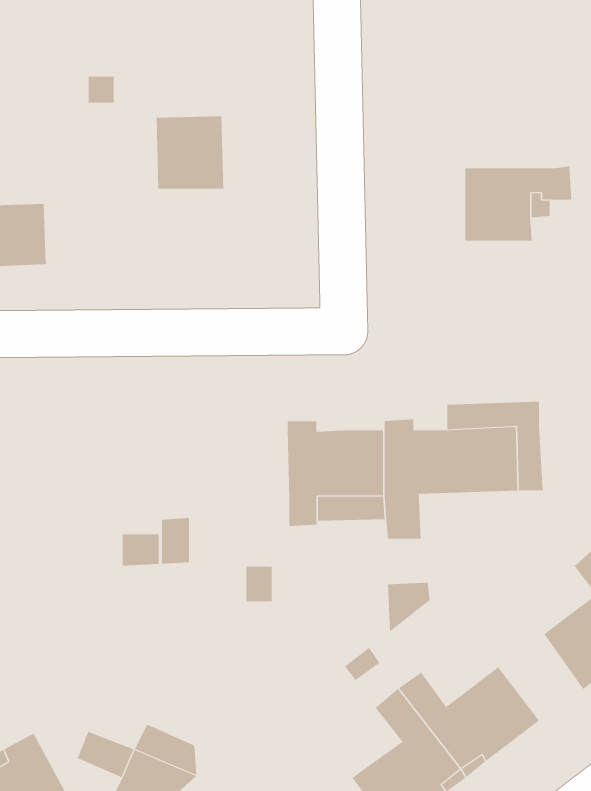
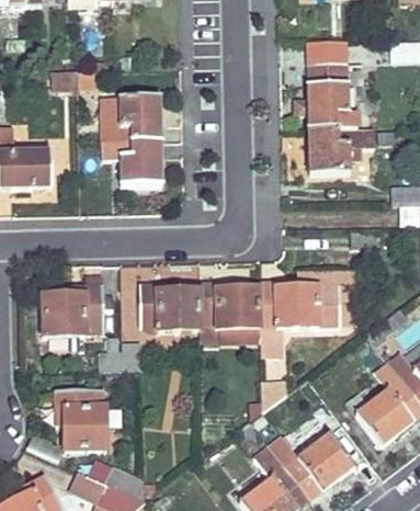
building: none -> [306,61,355,127]
building: none -> [102,140,161,185]
building: none -> [42,275,103,336]
building: none -> [138,283,200,330]
building: none -> [55,388,105,448]

